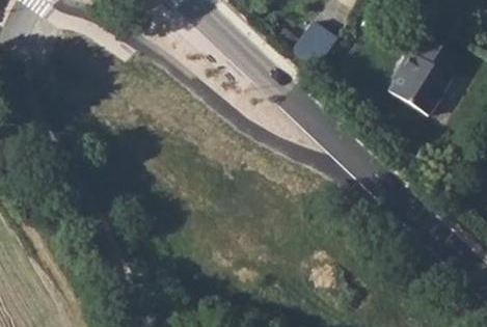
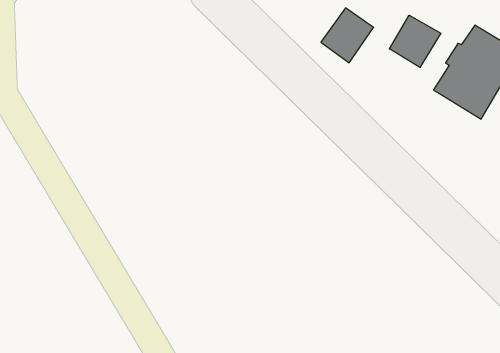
building: none -> [389,15,441,67]

